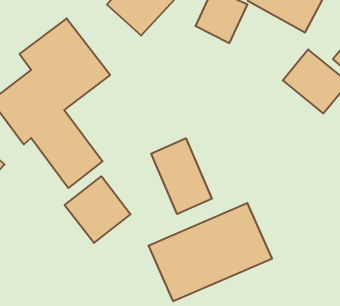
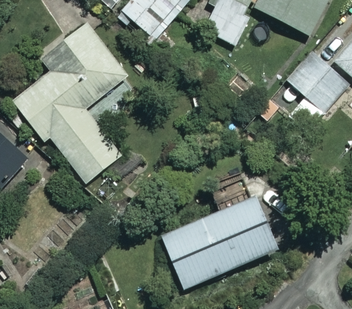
building: [151,138,212,214] -> none
building: [65,176,131,243] -> none

